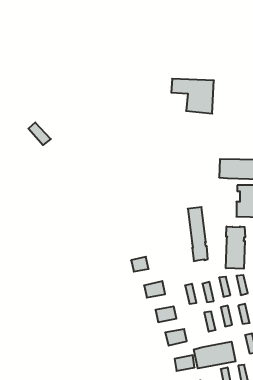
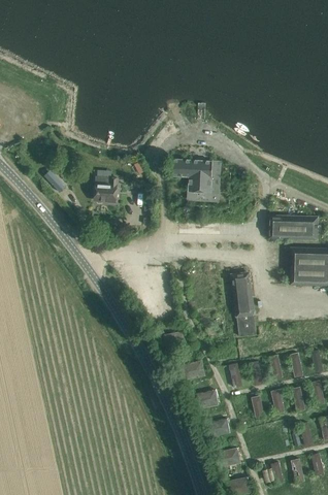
building: [171,79,214,114] -> [170,159,221,200]
building: none -> [95,176,119,201]
building: [226,226,245,269] -> none
building: [194,342,236,368] -> none

